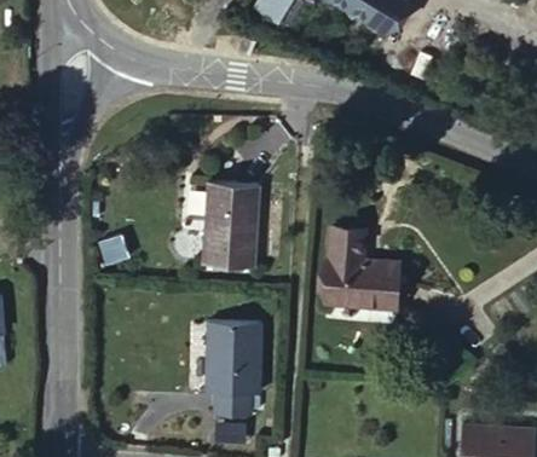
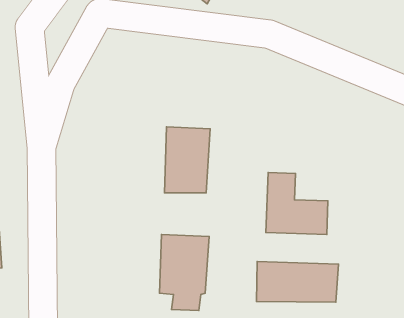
building: none -> [257,261,339,302]

